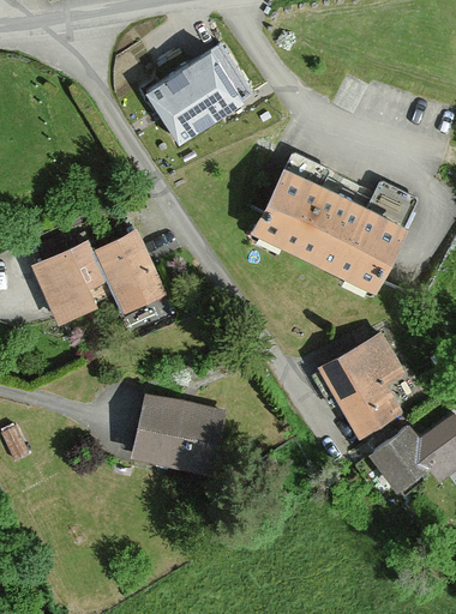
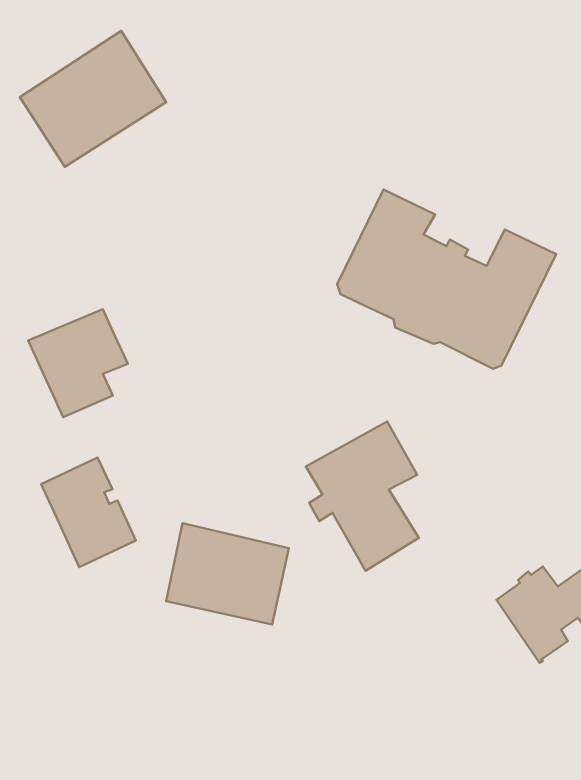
building: [145,46,251,144] -> [20,31,166,167]
building: [92,235,161,314] -> [41,457,136,567]
building: [320,337,402,445] -> [306,422,419,571]

